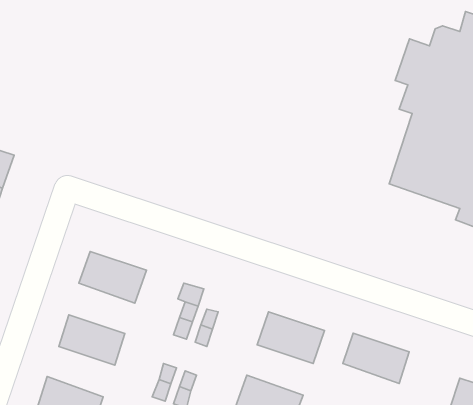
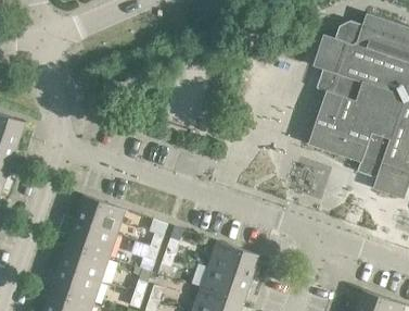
building: none -> [66,219,116,257]
building: [343,333,409,384] -> [201,265,251,303]
building: none -> [50,266,101,304]

